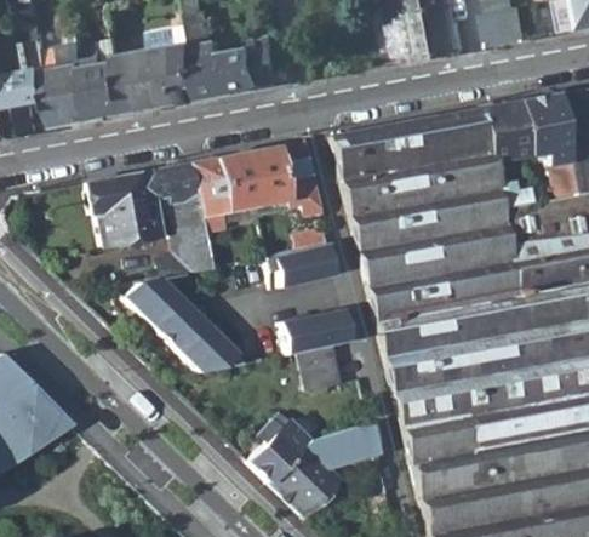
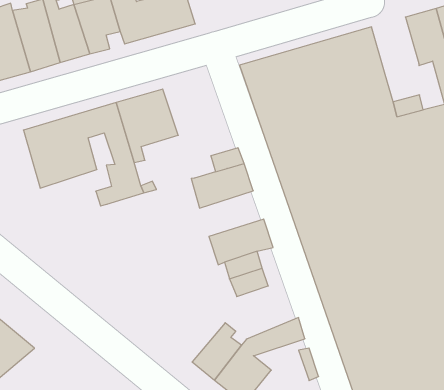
building: [487,99,536,161] -> none
building: [247,142,321,216] -> none
building: [114,276,250,373] -> none

